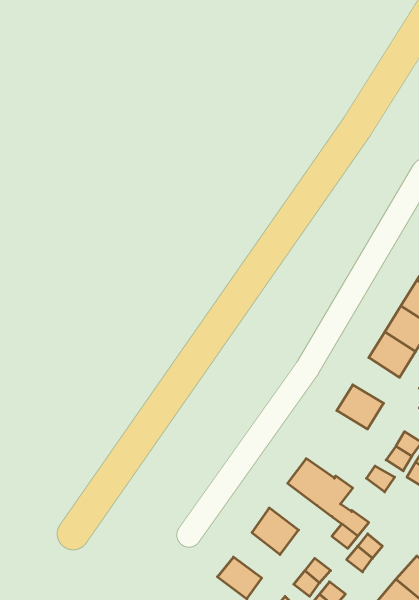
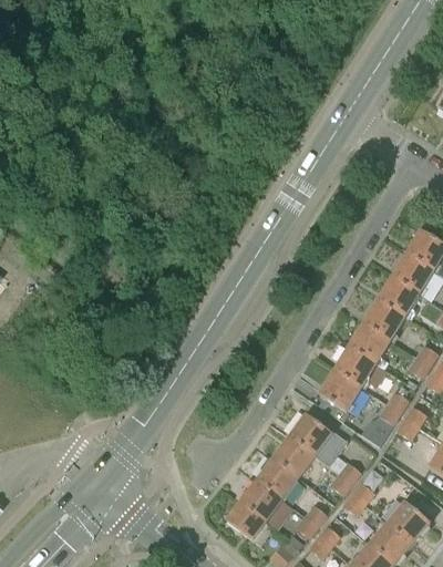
building: none -> [348,323,390,364]
building: none -> [319,371,361,412]
building: none -> [272,436,316,478]
building: none -> [240,481,282,522]

